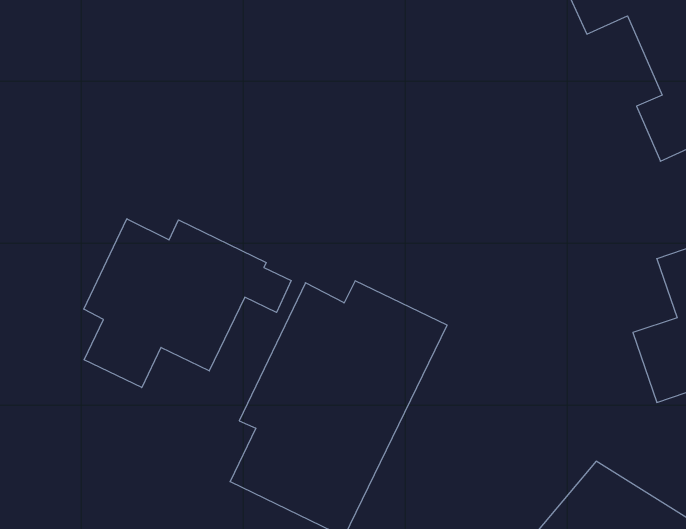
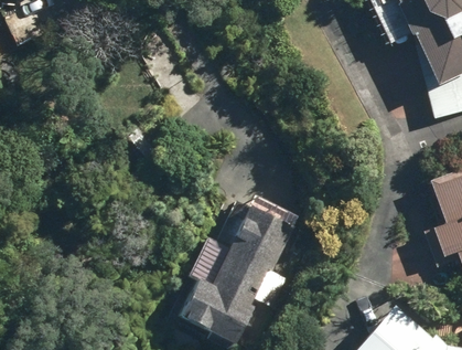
building: [84,219,291,388] -> none

